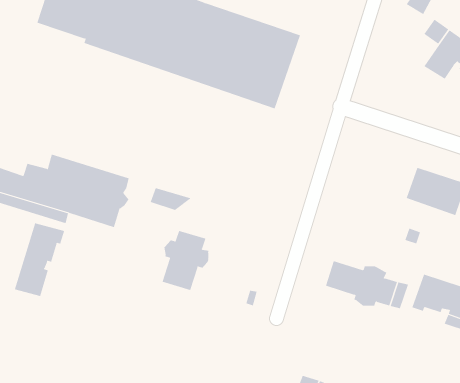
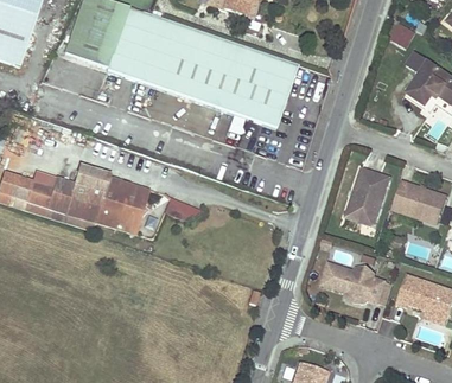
building: none -> [345,167,389,225]
building: [14,223,65,297] -> none
building: [162,230,209,291] -> none

